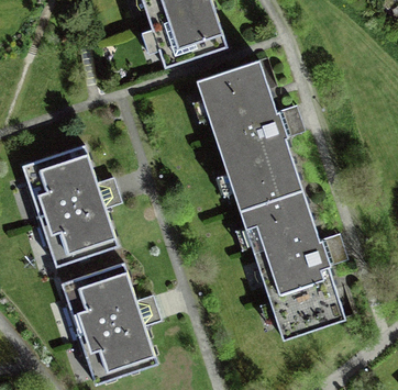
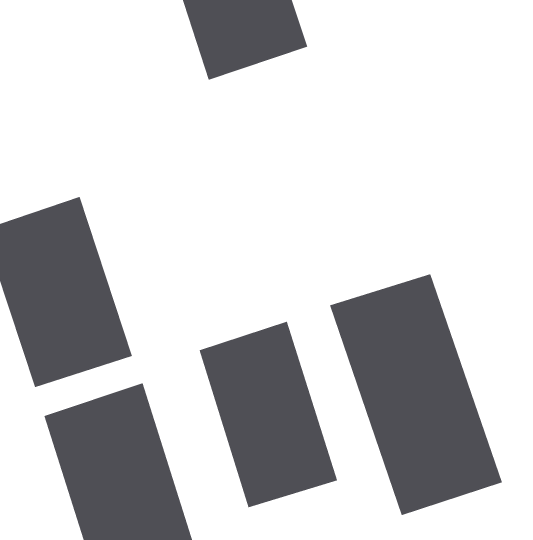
building: [197,62,303,209] -> none
building: none -> [199,321,338,508]

